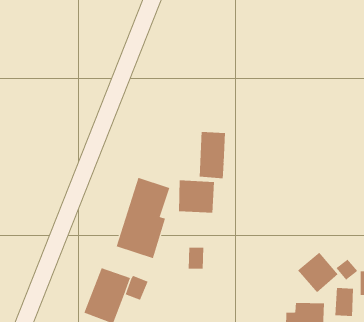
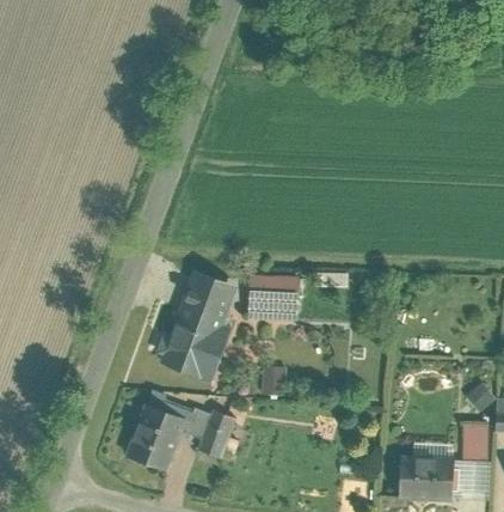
building: [199,131,226,179] -> none
building: [297,252,339,293] -> none
building: none -> [195,409,239,462]

